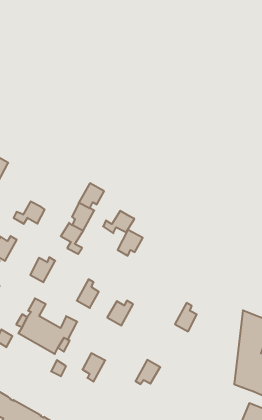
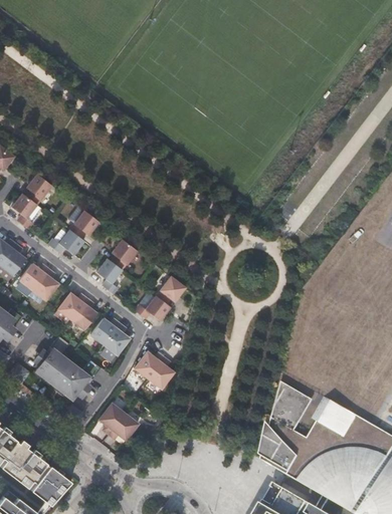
building: [79,183,104,208] -> [69,211,99,238]
building: [103,211,134,233] -> [135,296,170,320]
building: none -> [32,269,57,300]
building: none -> [70,298,96,329]
building: none -> [89,317,120,344]
building: [175,303,197,331] -> [148,357,173,389]
building: [135,360,160,384] -> [109,414,138,440]

